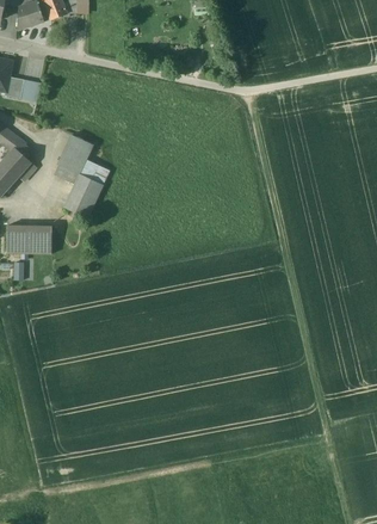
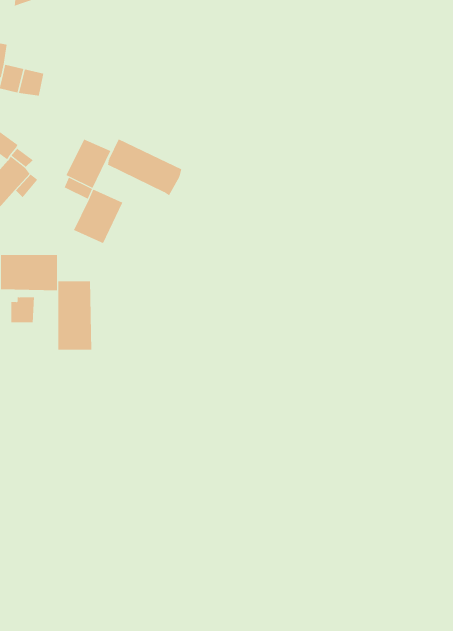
building: none -> [107,138,182,196]
building: none -> [58,281,92,351]

